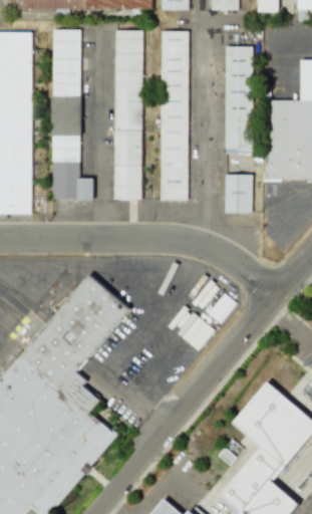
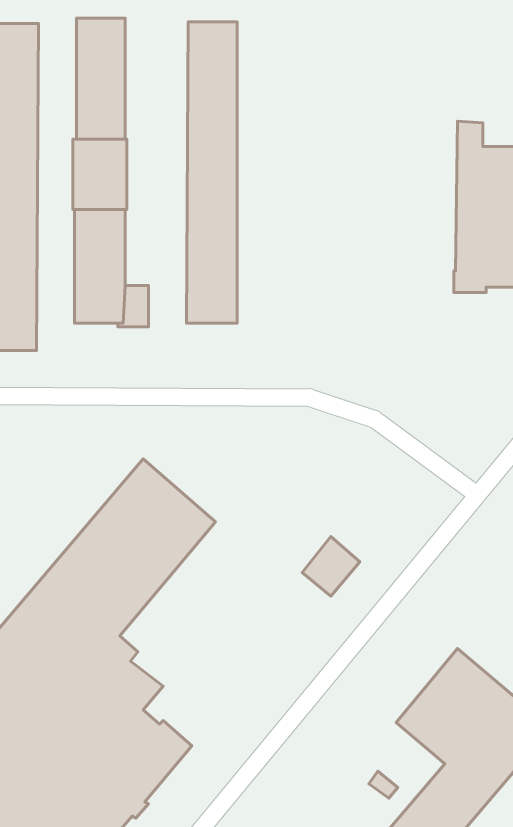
building: [161,31,198,201] -> none
building: [225,47,253,154] -> none
building: [225,174,252,213] -> none

